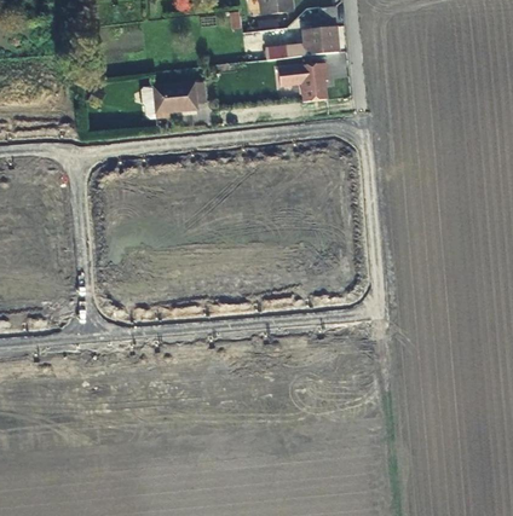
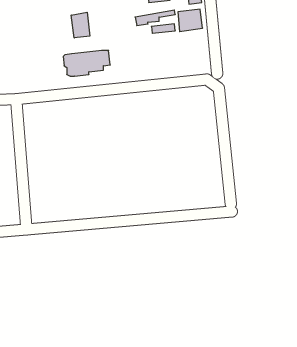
building: none -> [71,12,90,38]
building: [278,62,328,100] -> none

